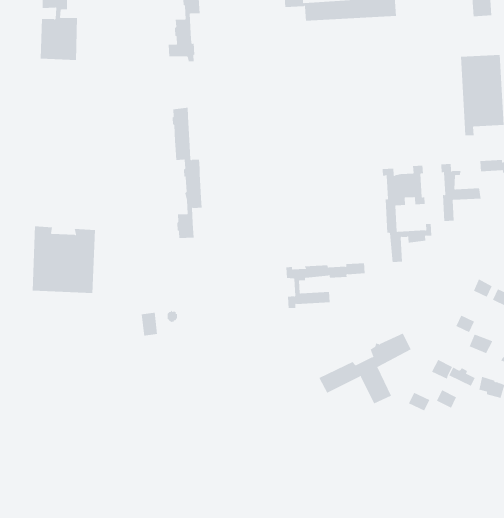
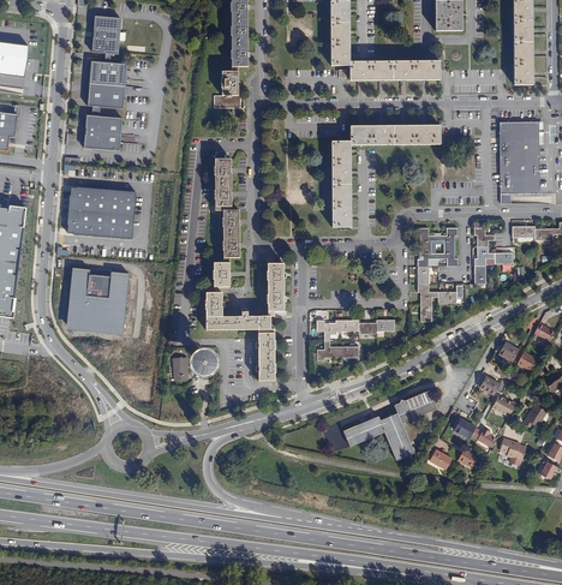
building: none -> [331,125,440,226]
building: none -> [85,113,125,149]
building: none -> [67,183,138,237]
building: none -> [205,263,285,380]

